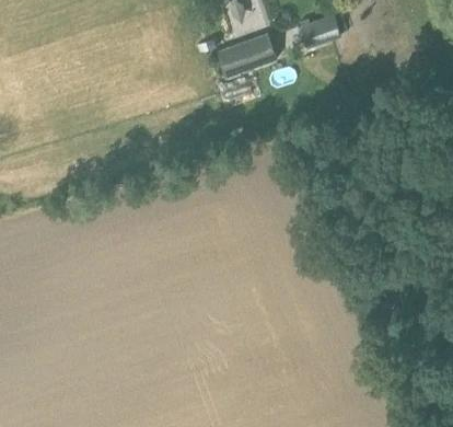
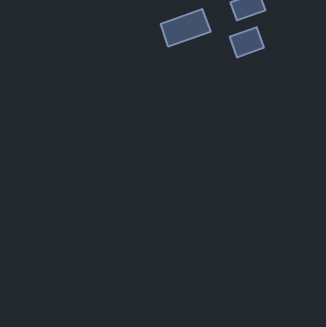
building: none -> [230,27,264,57]

